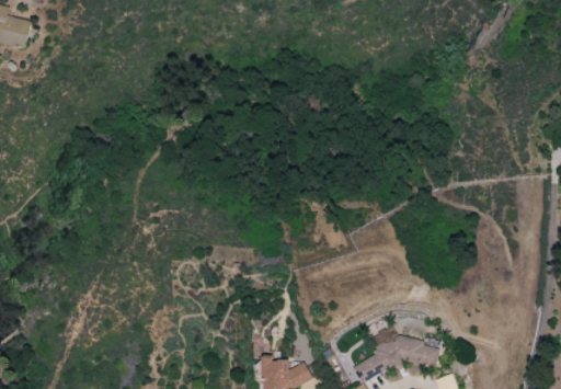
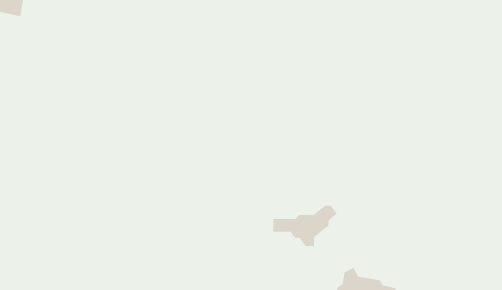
building: none -> [273,205,337,247]

